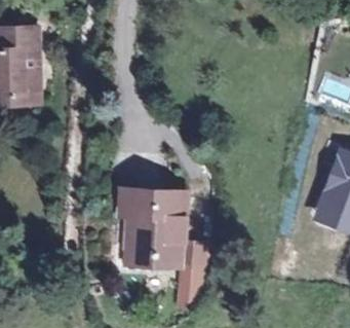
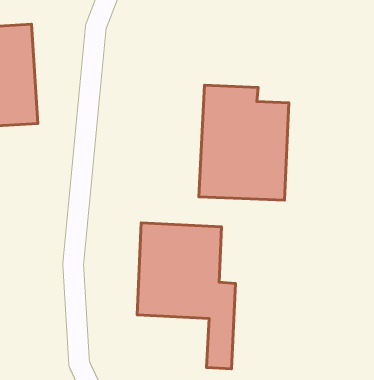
building: none -> [199,85,289,200]

